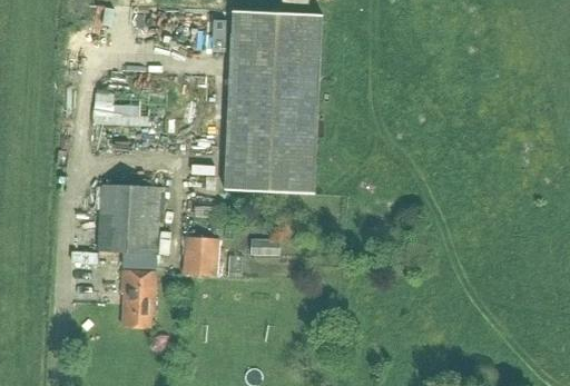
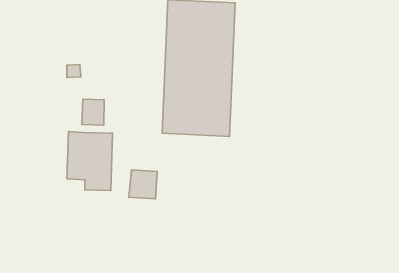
building: none -> [82,99,104,125]
building: [122,269,156,324] -> none

